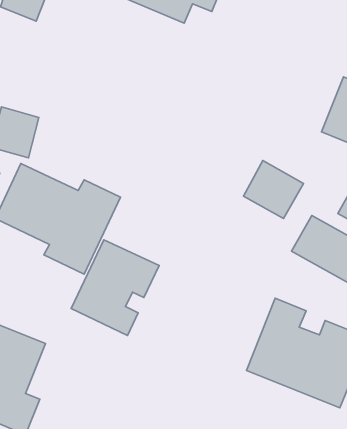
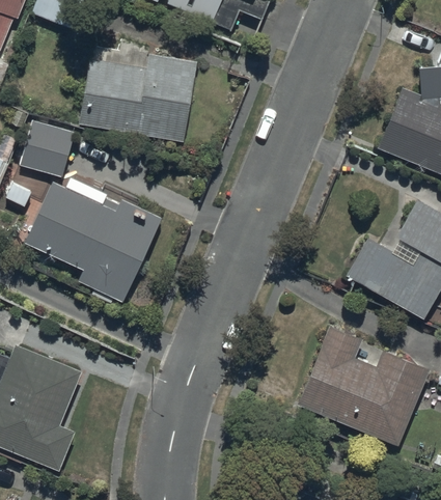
building: none -> [79,53,197,141]
building: [244,161,304,218] -> none
building: [71,240,159,335] -> none

